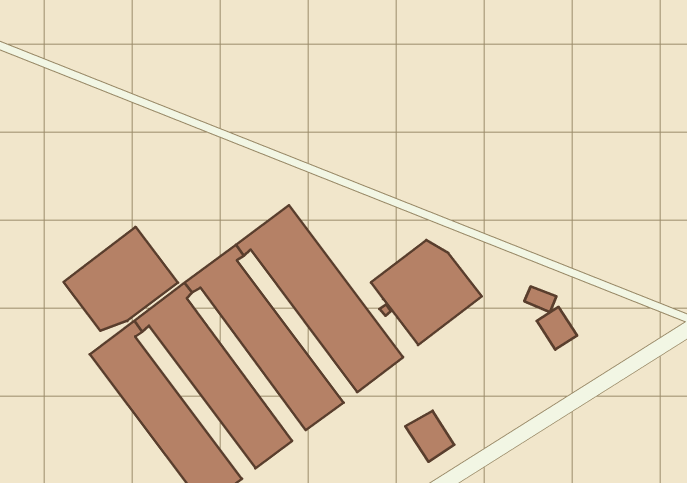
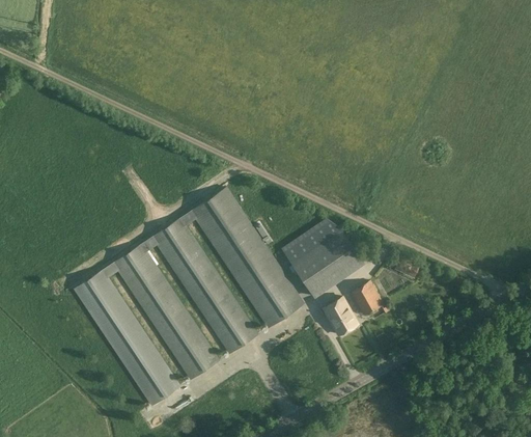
building: [64,227,178,331] -> none
building: [537,307,577,350] -> [352,283,381,315]
building: [405,411,454,462] -> [323,298,358,335]

